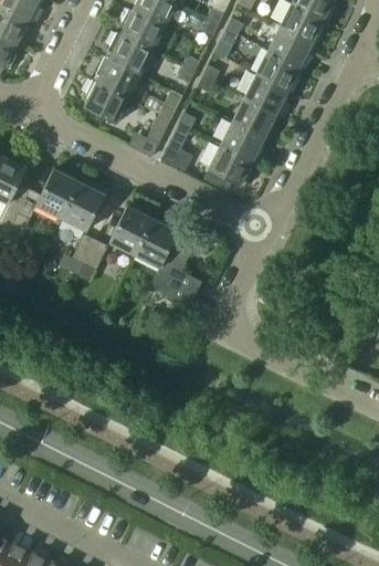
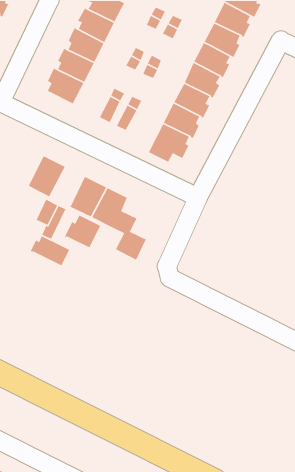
building: [36,170,80,219] -> none
building: none -> [64,214,101,249]
building: none -> [30,235,70,266]

